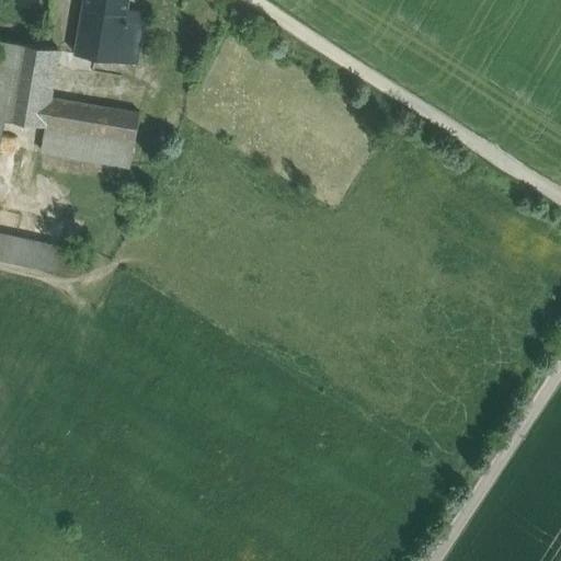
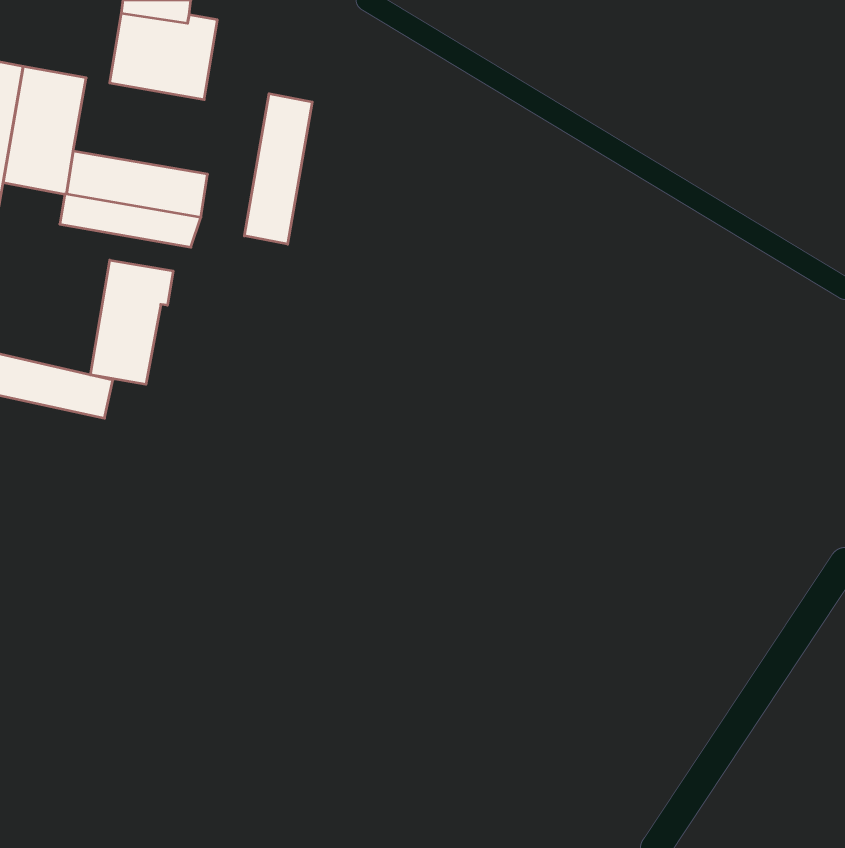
building: none -> [244,94,312,244]
building: none -> [90,260,173,384]

